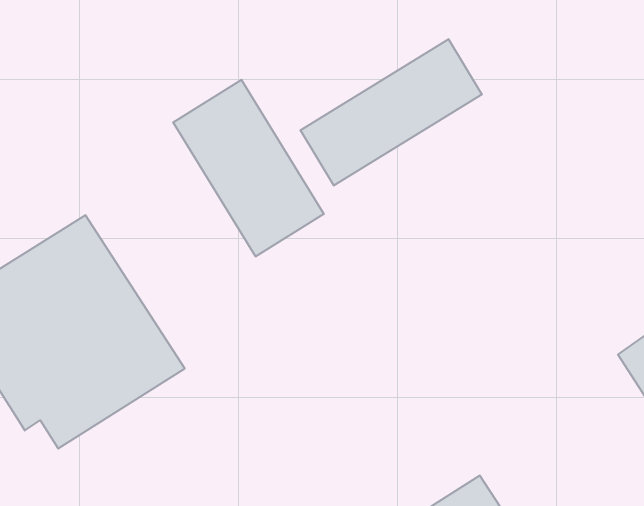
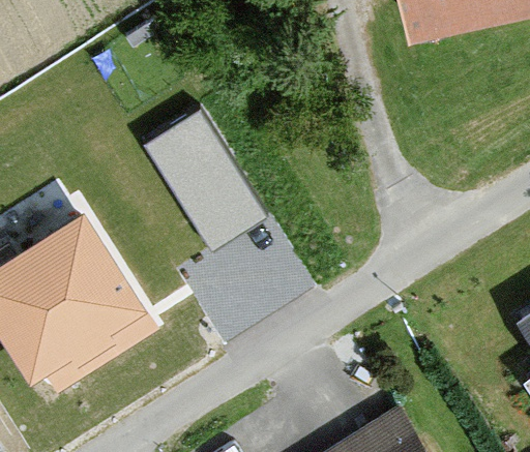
building: [300,39,482,186] -> none

